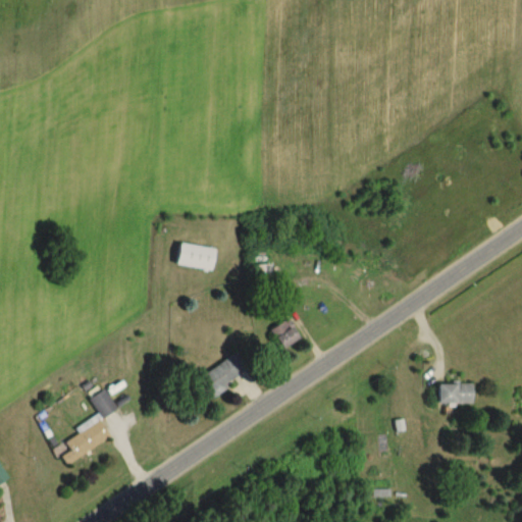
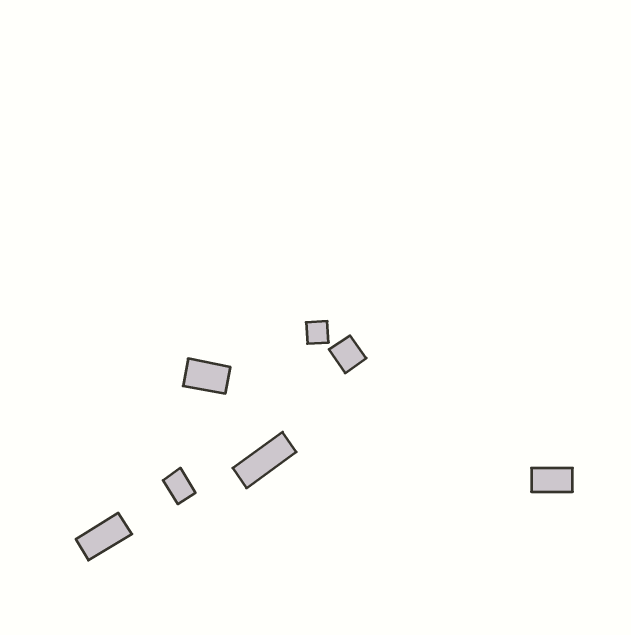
building: [177,242,216,270] -> [183,359,230,393]
building: [271,318,302,349] -> [329,336,366,373]
building: [92,388,118,418] -> [163,468,195,504]

